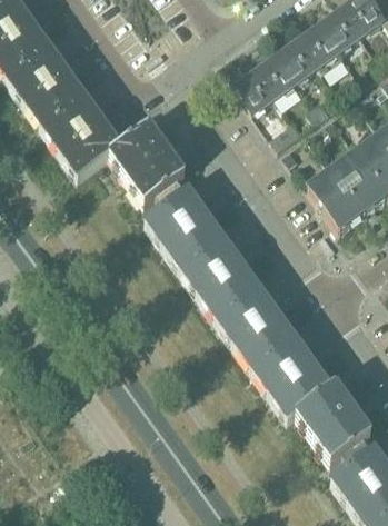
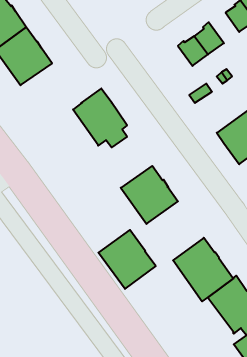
building: [299,20,341,62] -> none
building: [236,66,277,109] -> none
building: [40,90,125,175] -> none
building: [147,188,221,261] -> none
building: [213,280,292,361] -> [98,230,156,289]

